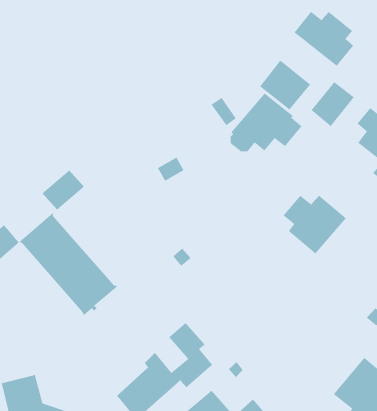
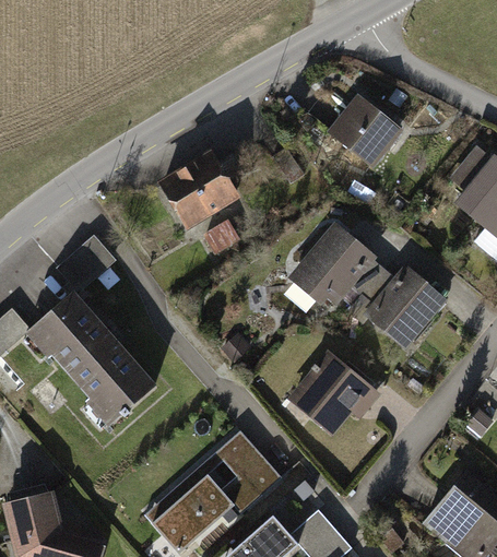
building: [294,11,354,67] -> none
building: [310,81,355,127] -> none
building: [230,92,303,152] -> [292,227,383,303]
building: none -> [162,154,241,224]
building: none -> [298,356,375,432]

